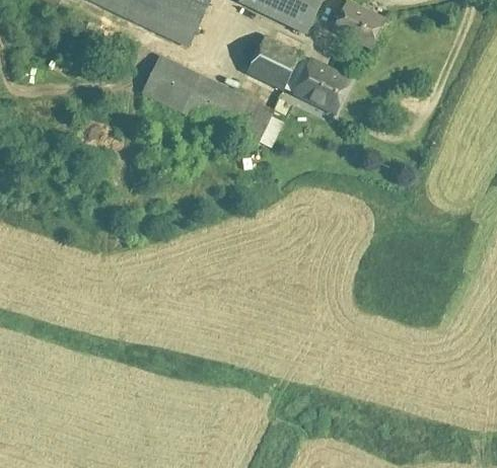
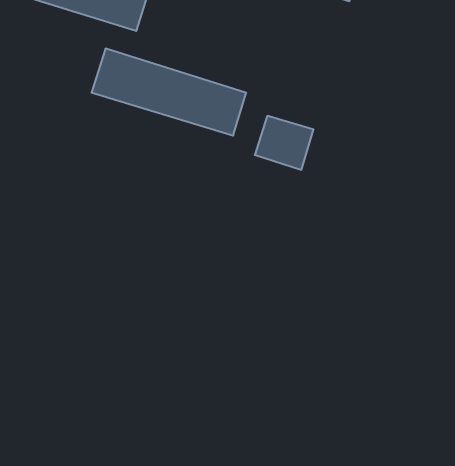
building: [246,35,300,89] -> none
building: [296,60,349,109] -> [255,116,314,170]

